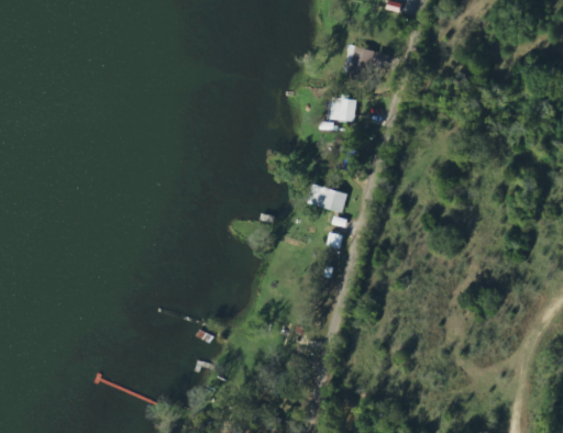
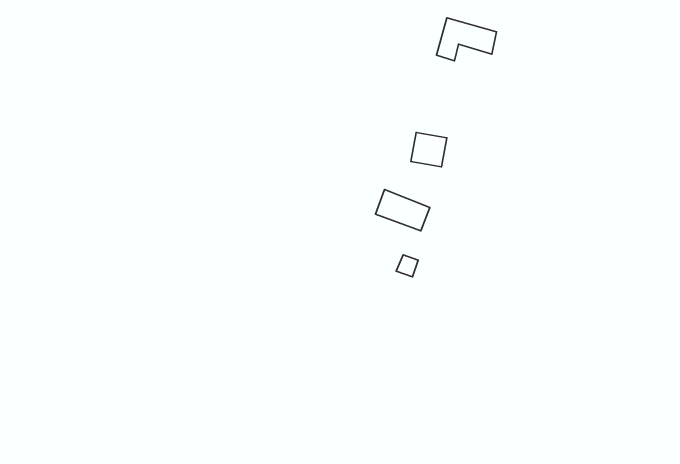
building: [330,96,356,121] -> [411,132,447,167]

